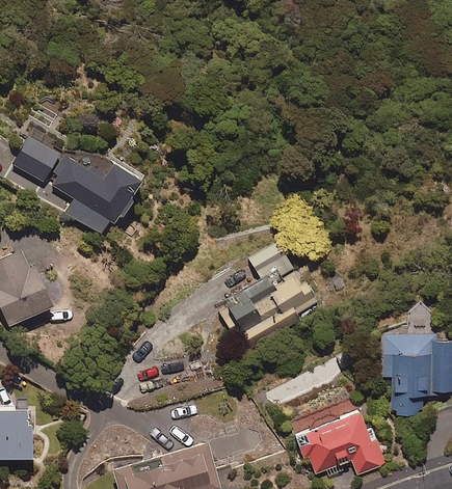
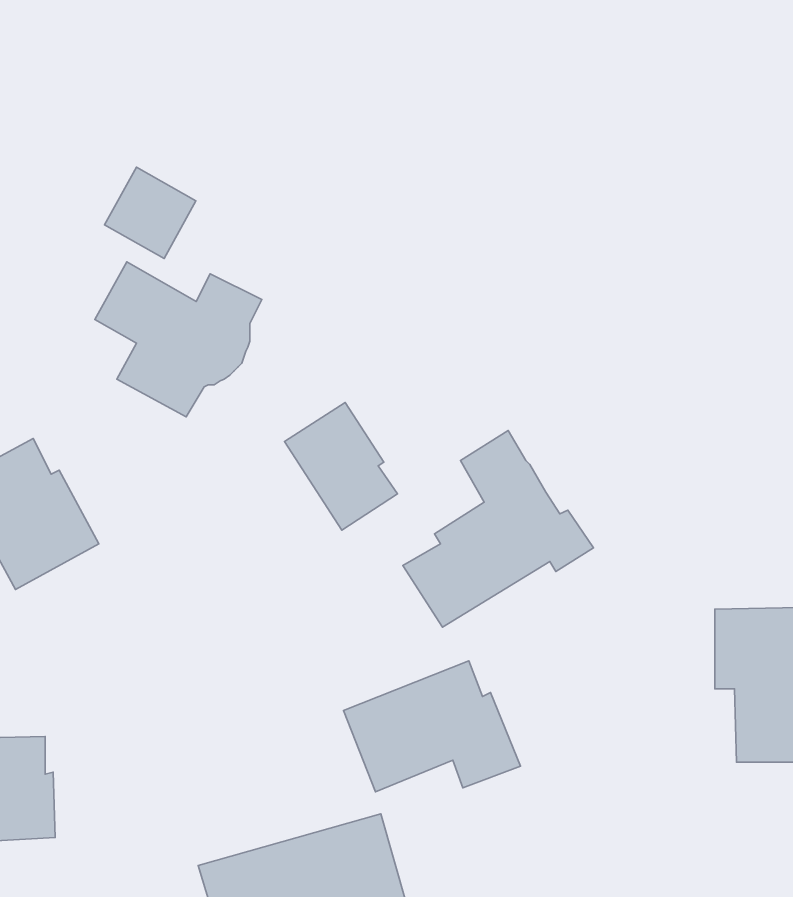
building: [14,135,61,183] -> [105,167,196,258]
building: none -> [285,403,398,530]
building: [292,412,384,481] -> [344,661,520,792]

